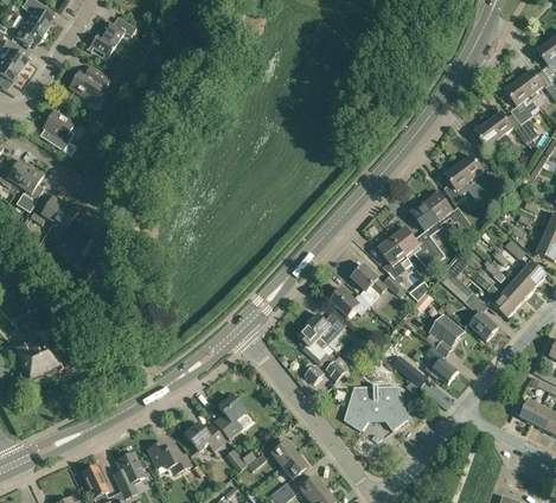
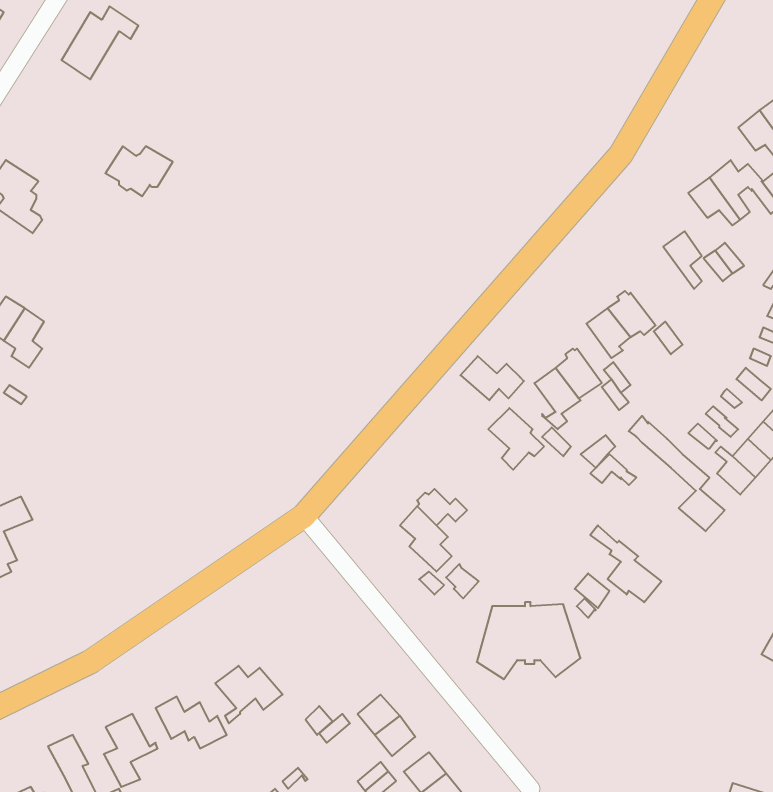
building: [69,69,110,100] -> [105,146,173,196]
building: [443,164,481,202] -> none
building: [330,288,369,316] -> [460,356,524,400]
building: [428,313,464,356] -> none
building: [215,394,245,438] -> none

